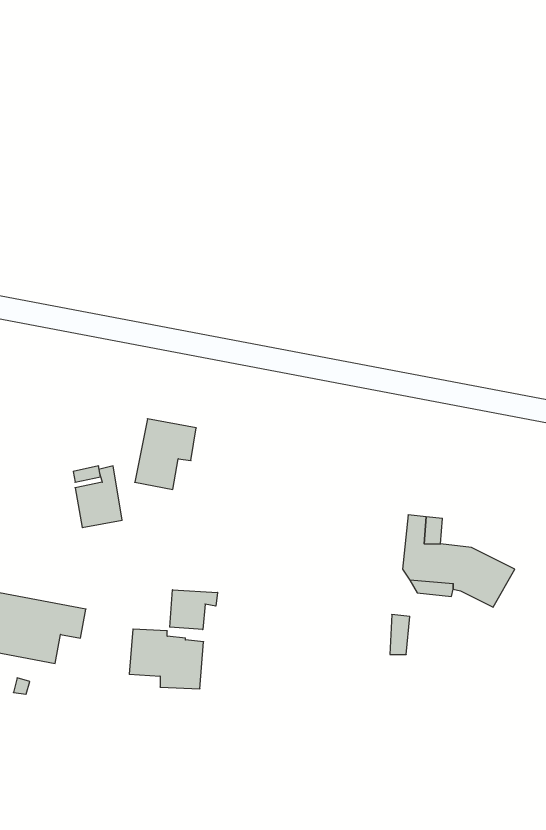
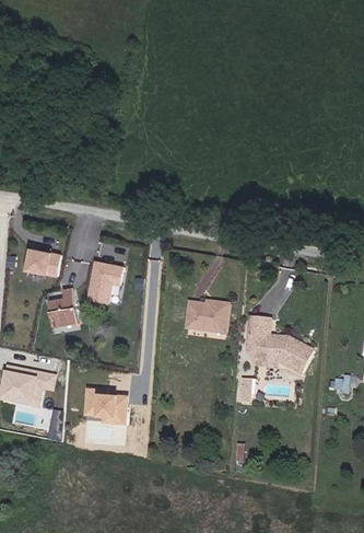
building: none -> [23,245,50,273]
building: none -> [187,302,230,333]
building: [170,590,218,630] -> none

